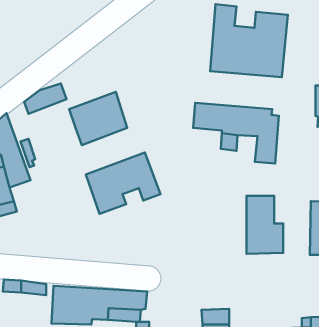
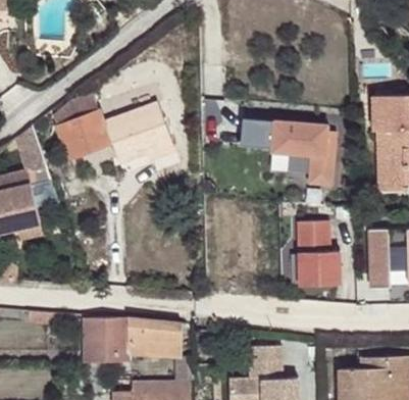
building: [210,4,288,77] -> none
building: none -> [57,112,109,159]
building: [86,152,160,214] -> none

